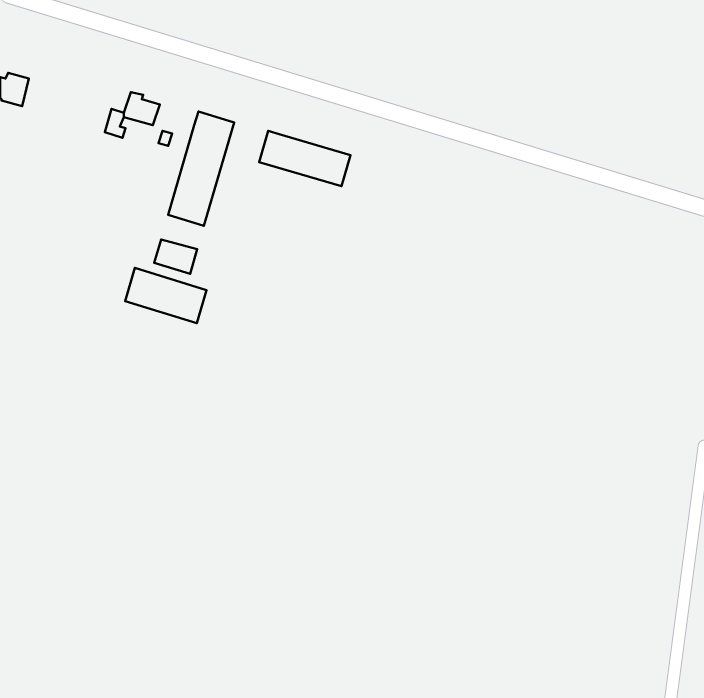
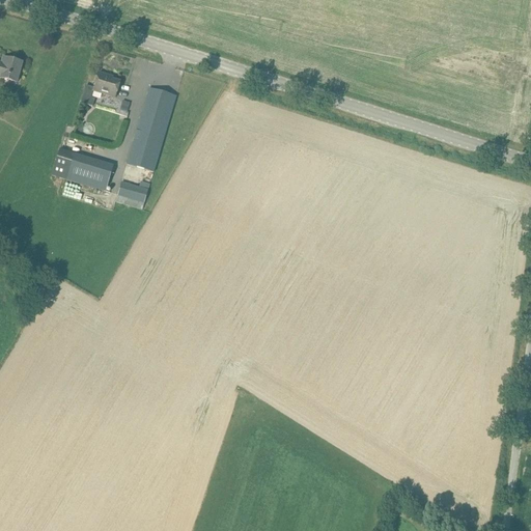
building: [259,131,350,186] -> none
building: [125,268,206,323] -> [52,147,113,189]

